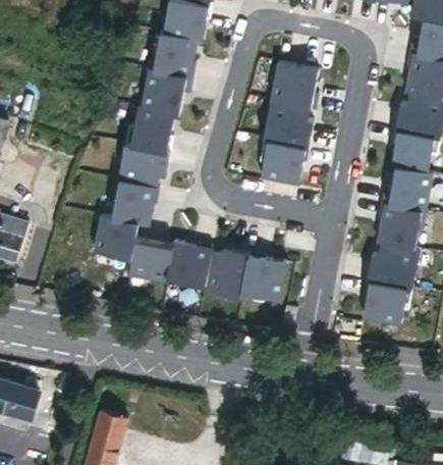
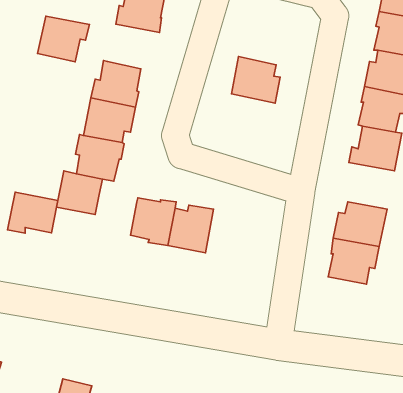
building: [272,61,319,108] -> none
building: [144,67,195,112] -> [38,16,90,62]
building: [260,136,308,183] -> none
building: [375,203,425,248] -> none
building: none -> [7,192,58,233]
building: [128,235,172,277] -> none
building: [239,249,284,296] -> none

